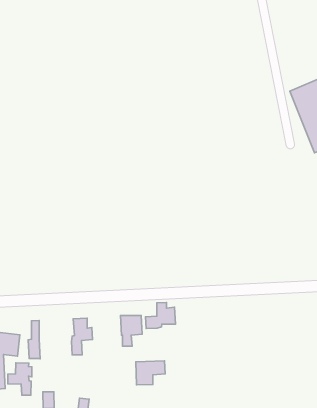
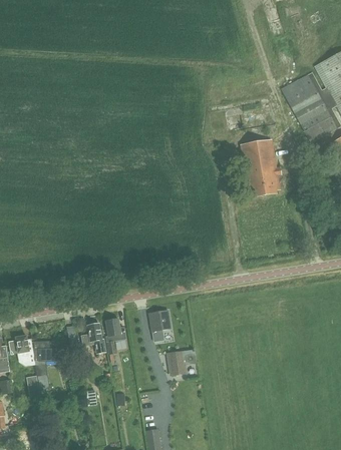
building: none -> [241,139,279,195]
building: [145,303,175,329] -> none
building: [8,363,32,395] -> [81,323,104,353]

